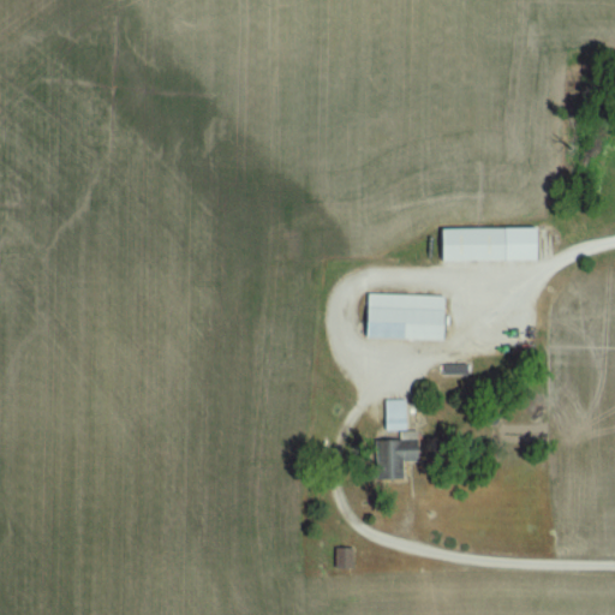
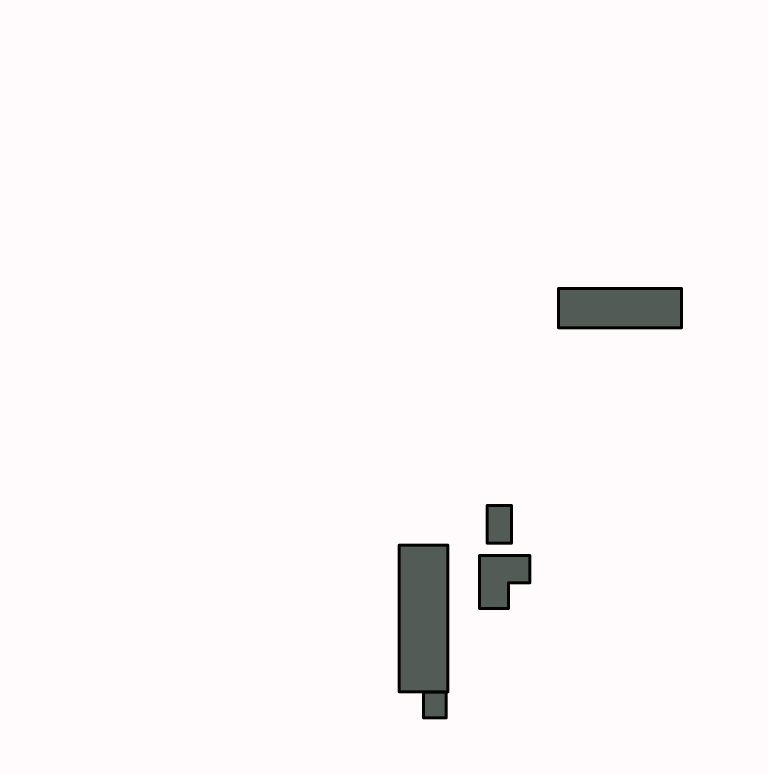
building: [368,294,446,339] -> none
building: none -> [399,545,448,692]

